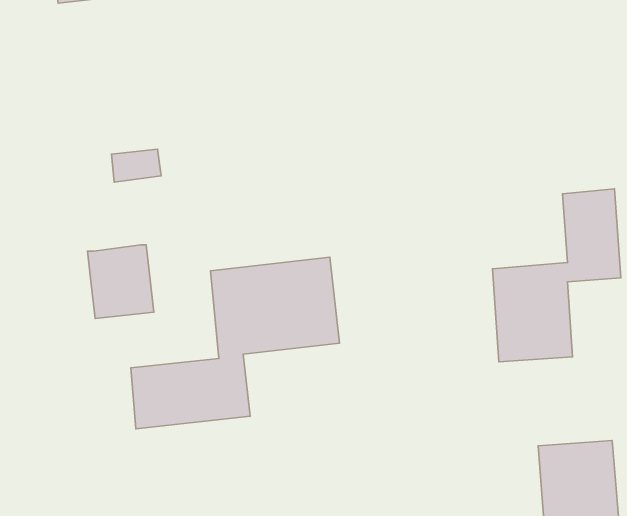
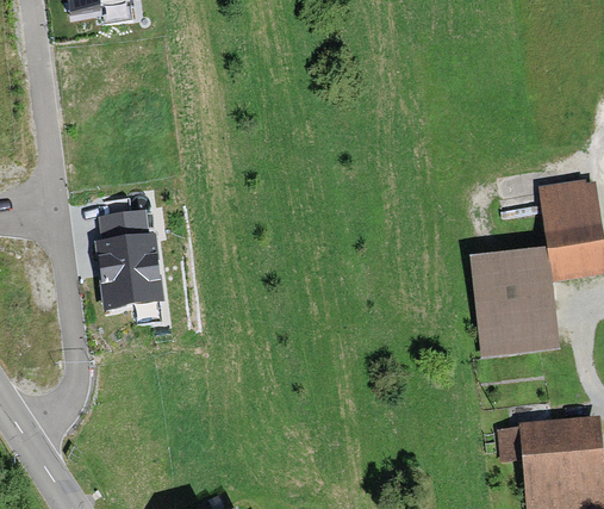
building: [112,149,161,182] -> [101,212,148,243]
building: [131,257,339,429] -> none

